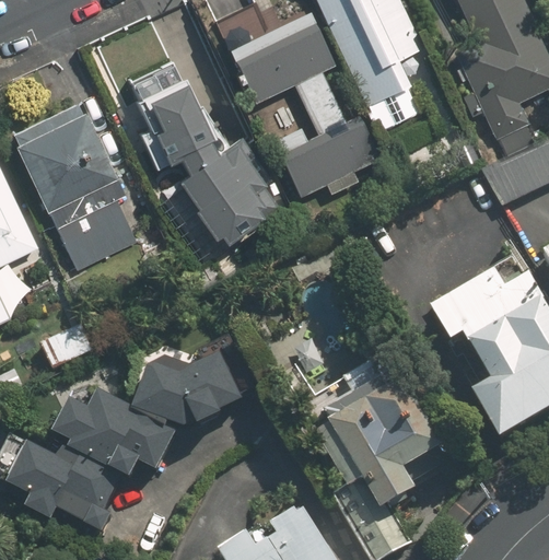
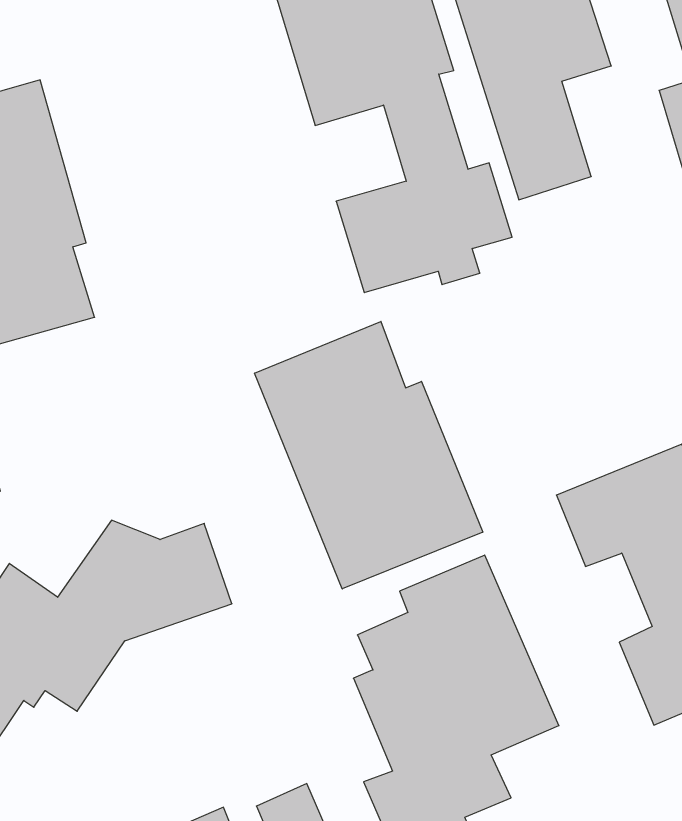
building: [114,61,271,241] -> none
building: none -> [255,321,483,589]

